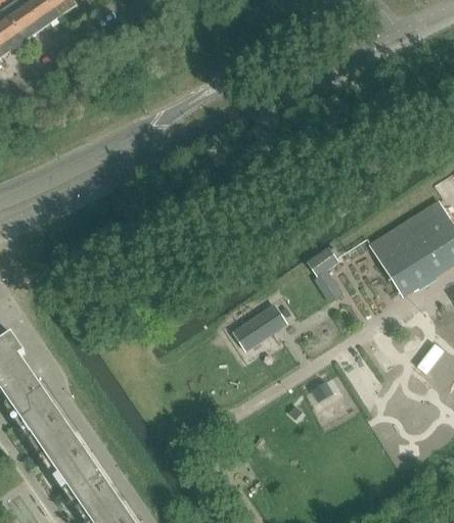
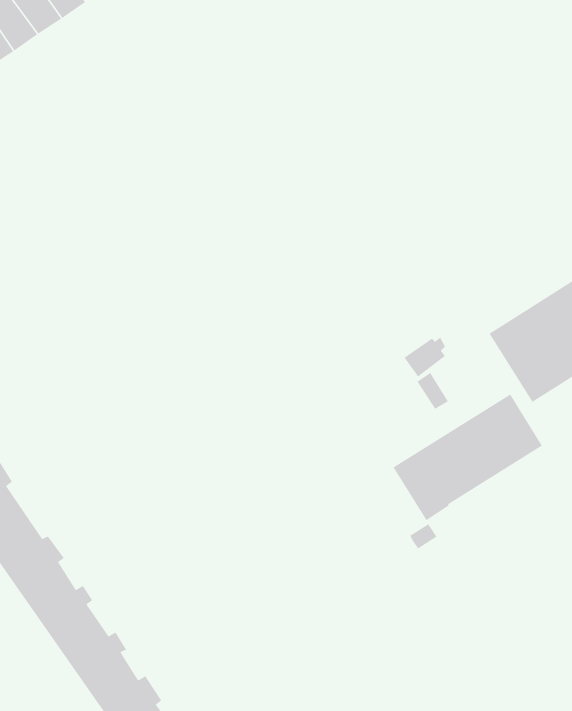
building: none -> [392,393,543,521]
building: [234,311,279,349] -> none

